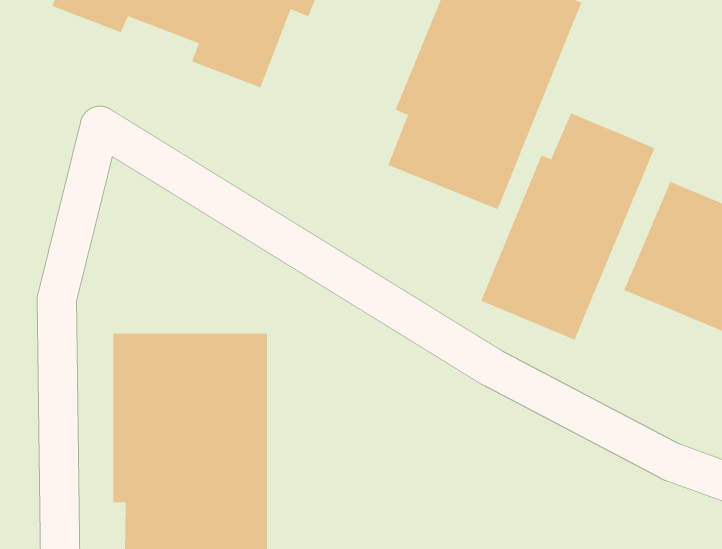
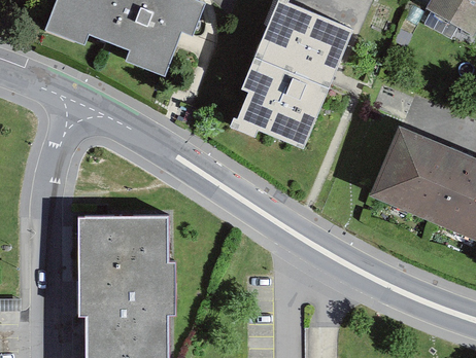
building: [481,112,655,340] -> none

